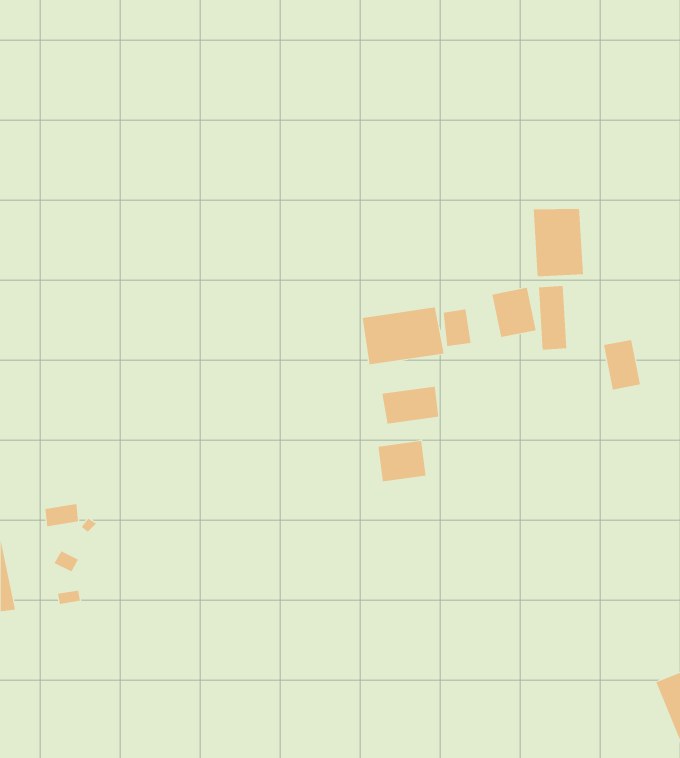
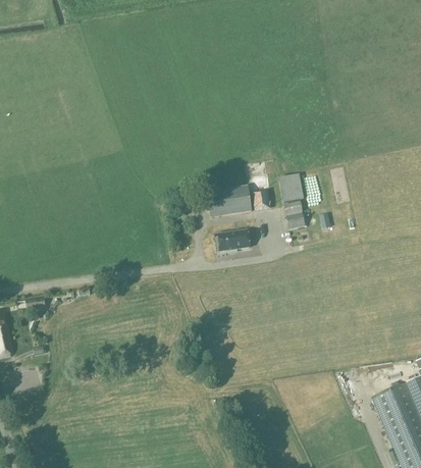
building: [533,208,583,277] -> none
building: [603,340,641,390] -> [284,201,306,229]
building: [378,440,426,482] -> none

